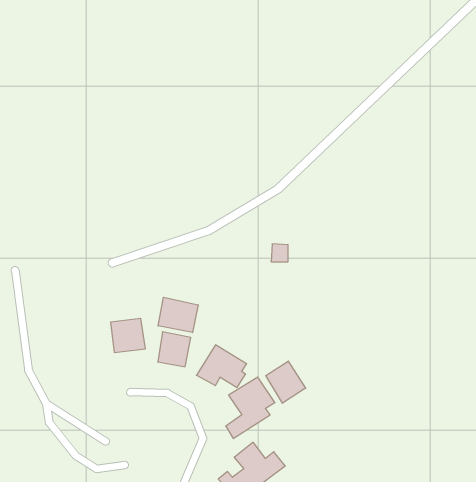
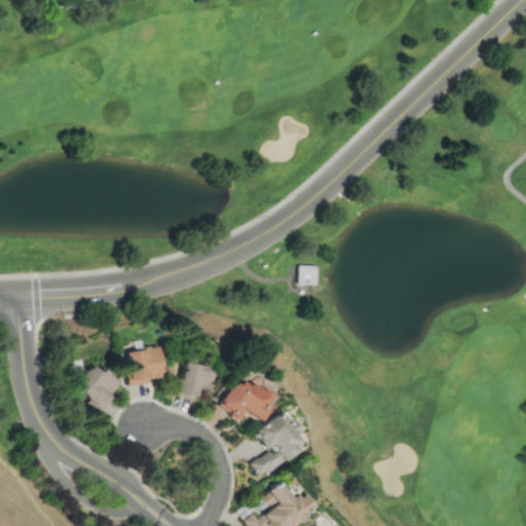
building: [158,297,198,333] -> none
building: none -> [74,365,124,411]
building: [266,361,306,403] -> none

